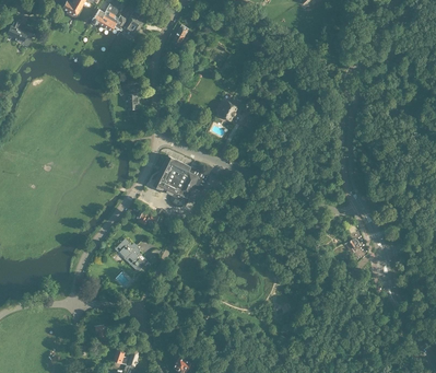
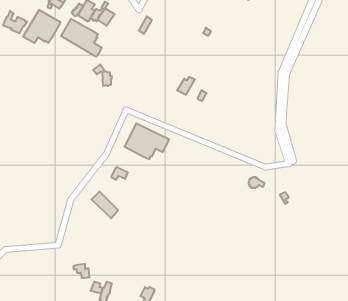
building: none -> [23,10,60,43]
building: none -> [61,19,102,57]

